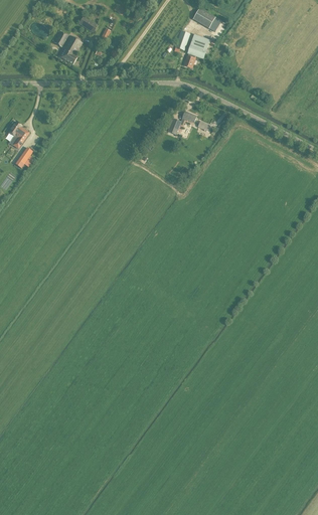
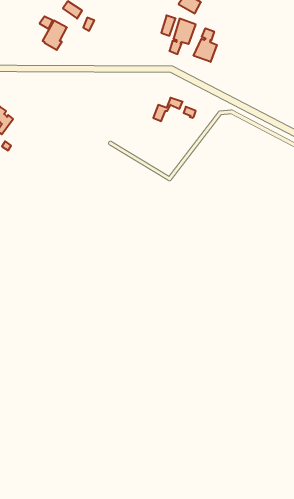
building: none -> [194,28,217,62]

